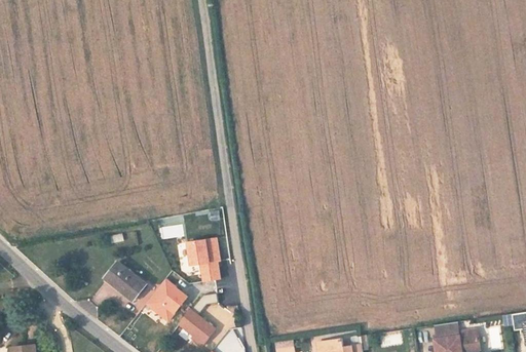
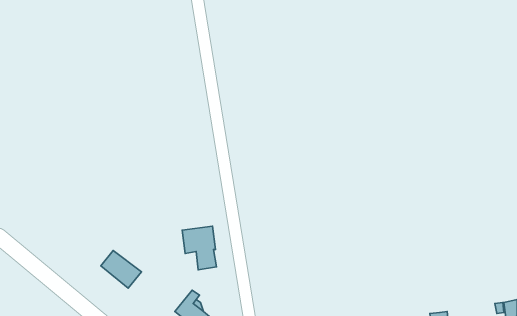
building: [144,278,187,321] -> none

